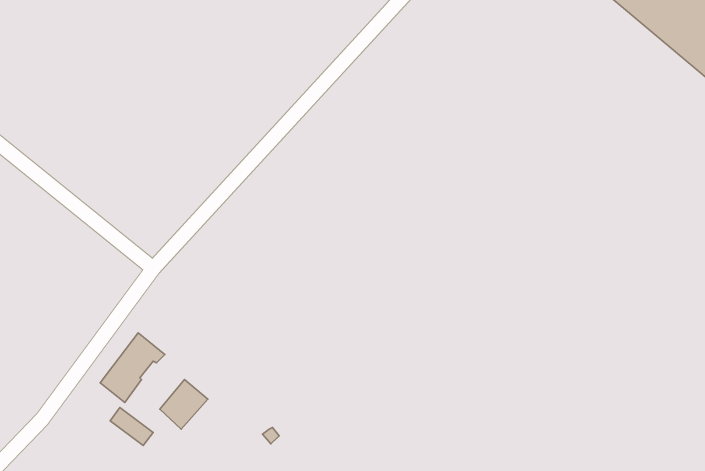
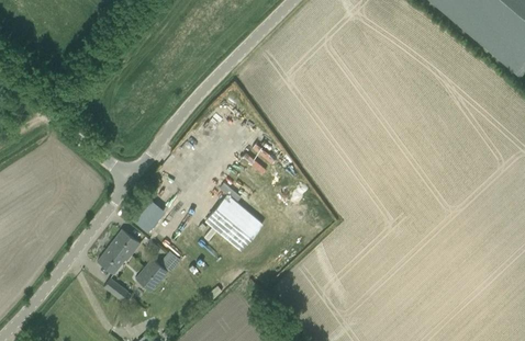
building: none -> [204,194,261,250]
building: none -> [134,200,165,232]

